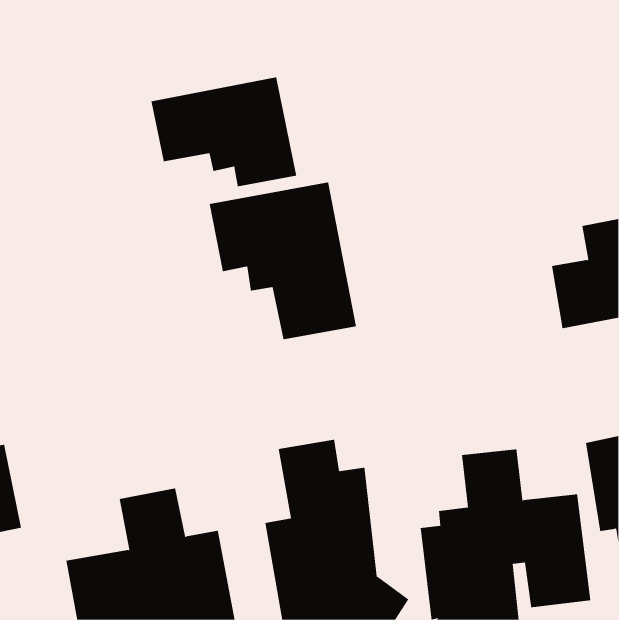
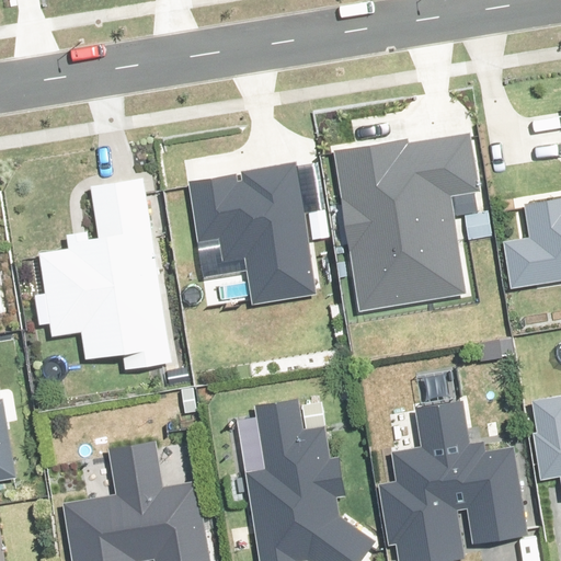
building: [151,76,297,187] -> none
building: none -> [328,140,476,312]
building: none -> [31,179,173,369]

